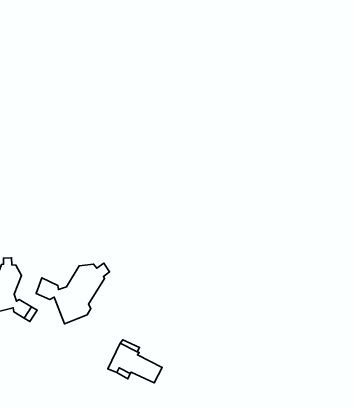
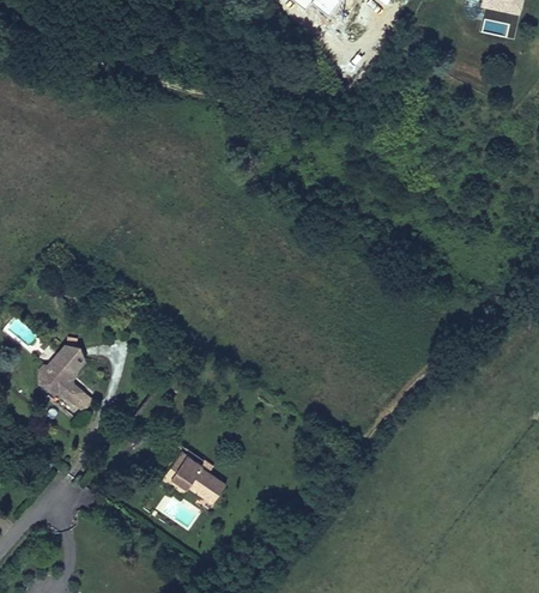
building: [36,263,109,324] -> none

